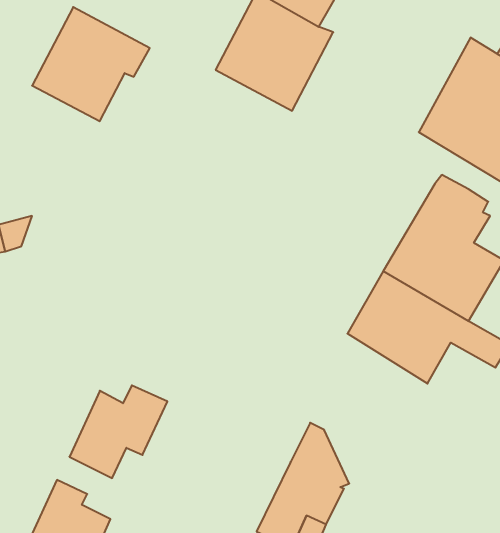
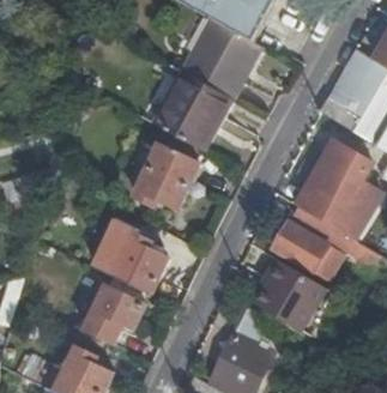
building: [32,7,150,121] -> [155,69,234,146]
building: none -> [133,144,196,207]
building: none -> [89,216,167,292]
building: none -> [254,256,323,327]

